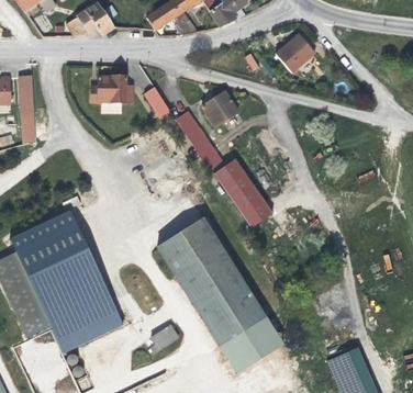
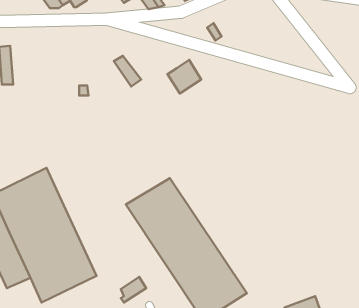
building: [281,34,314,67] -> none
building: [90,76,133,102] -> none
building: [176,112,272,227] -> none

